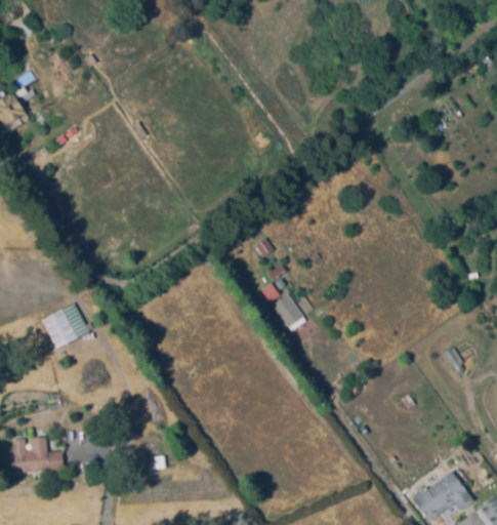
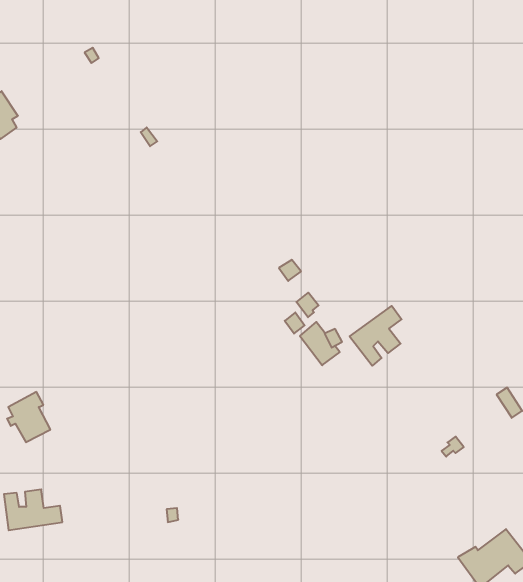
building: none -> [350,306,402,366]
building: [40,304,78,348] -> [7,392,50,442]

